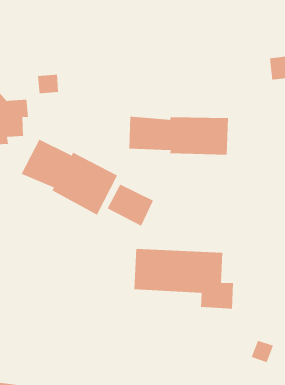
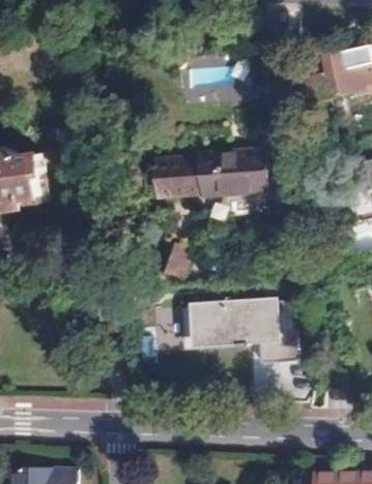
building: [21,139,118,215] -> none

